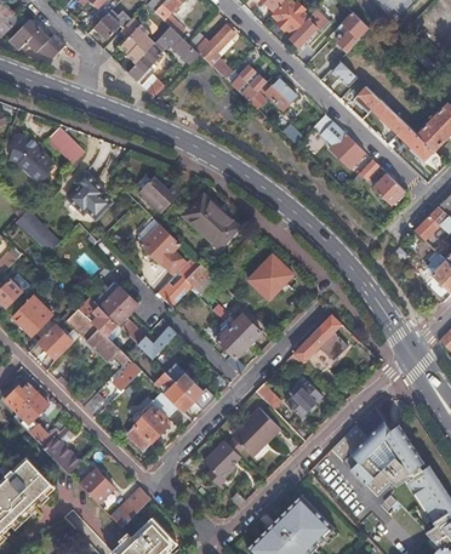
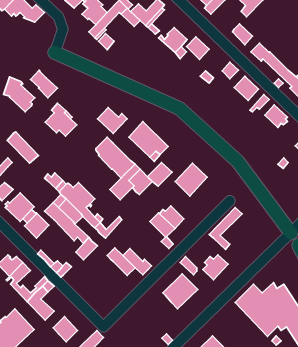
building: none -> [147,163,172,186]
building: [127,390,178,447] -> none
building: [205,440,241,481] -> none

